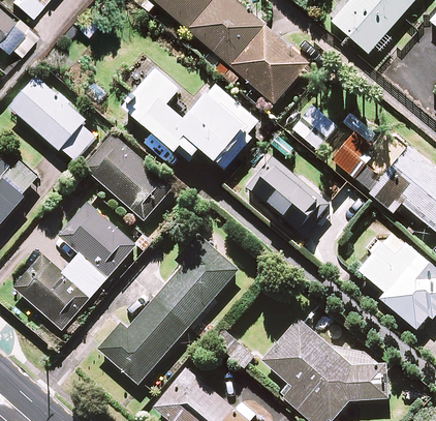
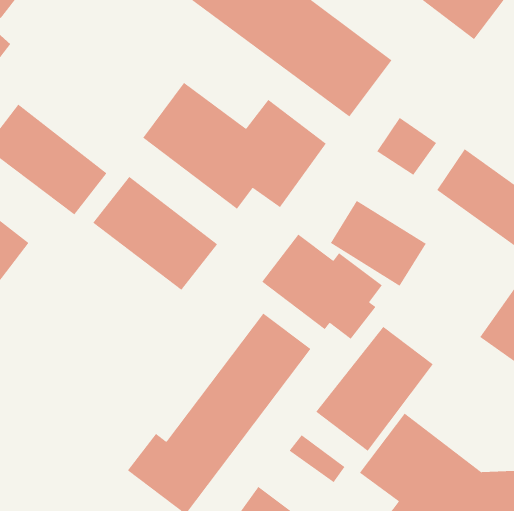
building: none -> [261,233,383,340]
building: [12,202,133,328] -> none
building: none -> [315,326,434,452]

